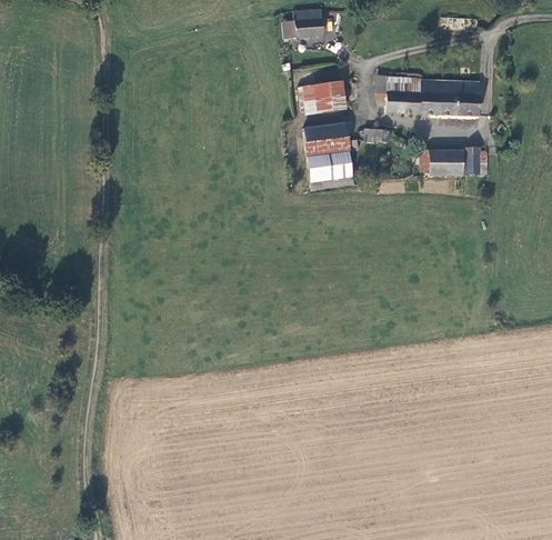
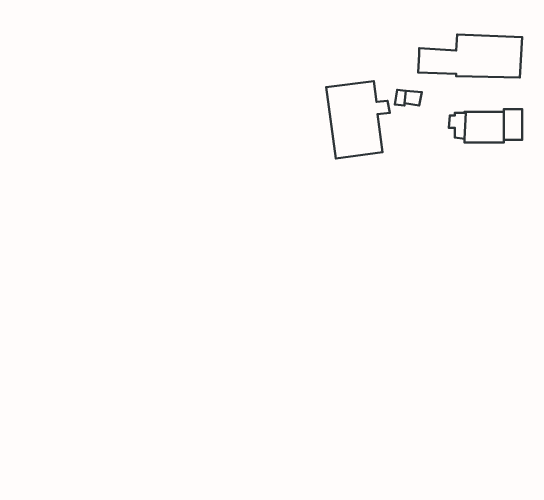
building: [375,73,422,96] -> none
building: [298,80,348,116] -> none

